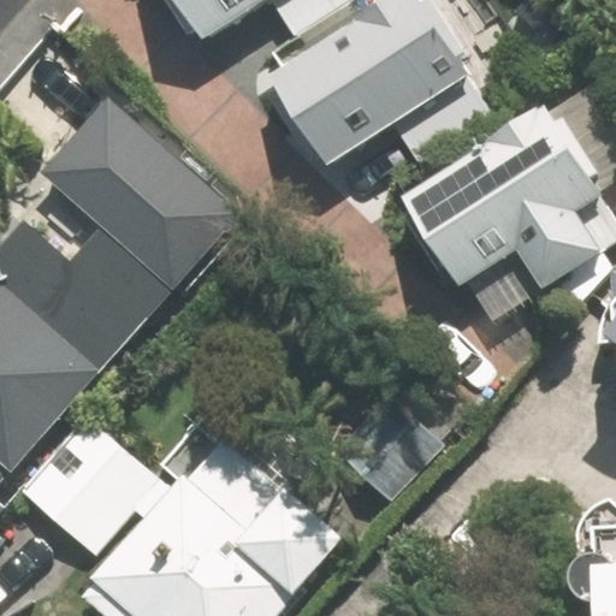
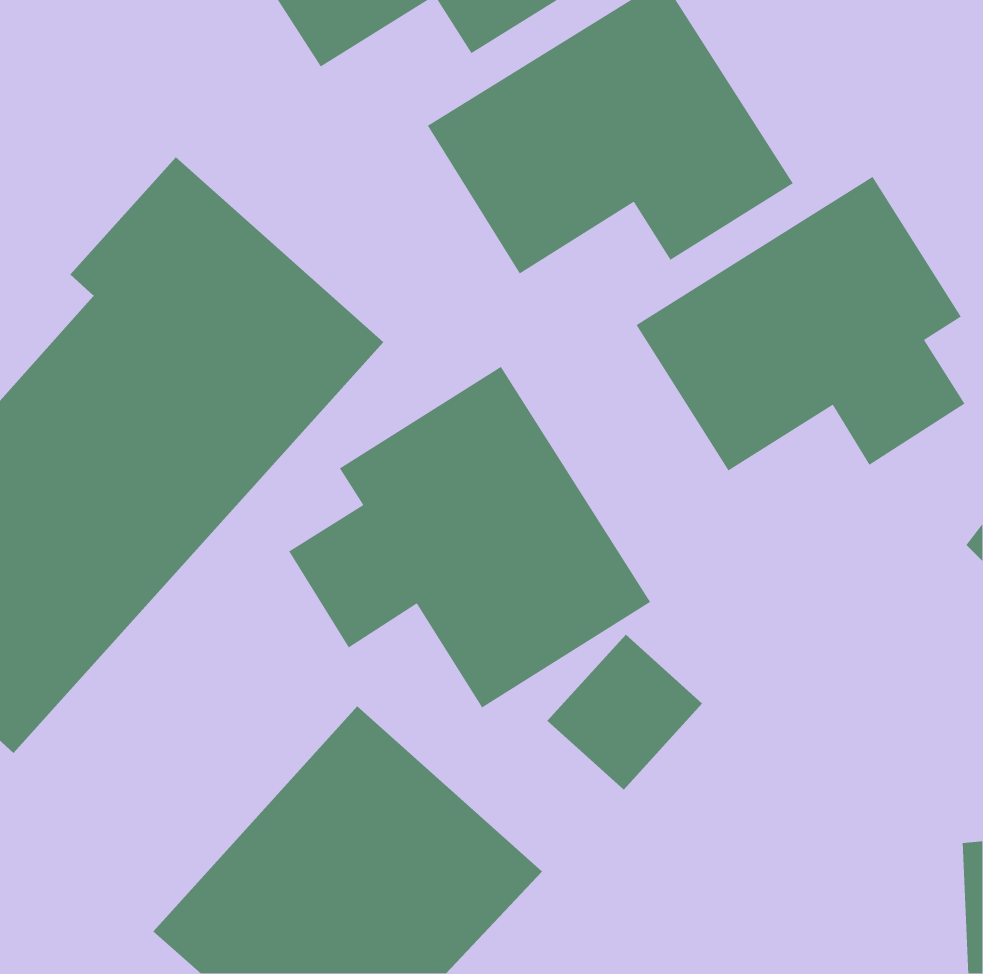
building: none -> [288,366,651,709]
building: [23,407,164,549] -> none

